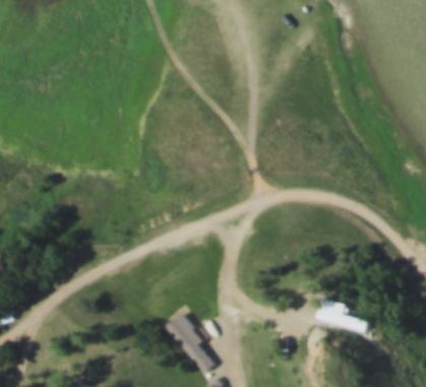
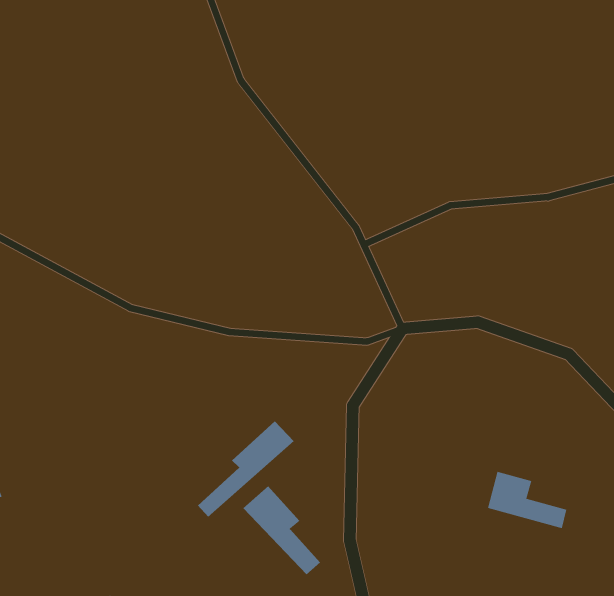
building: none -> [197,421,295,517]

